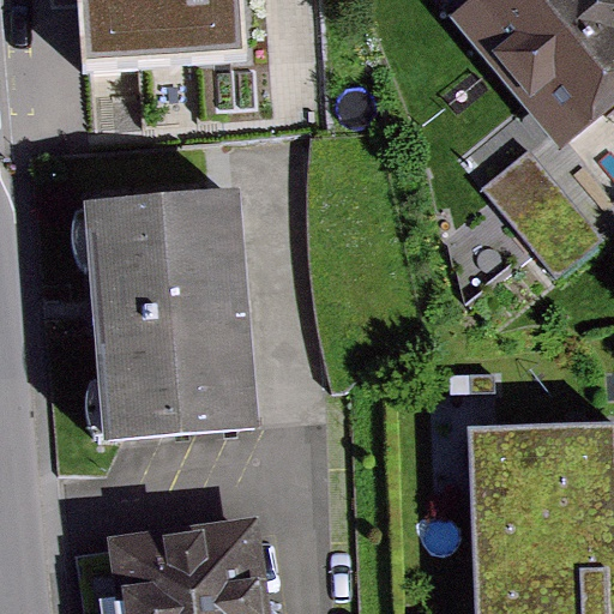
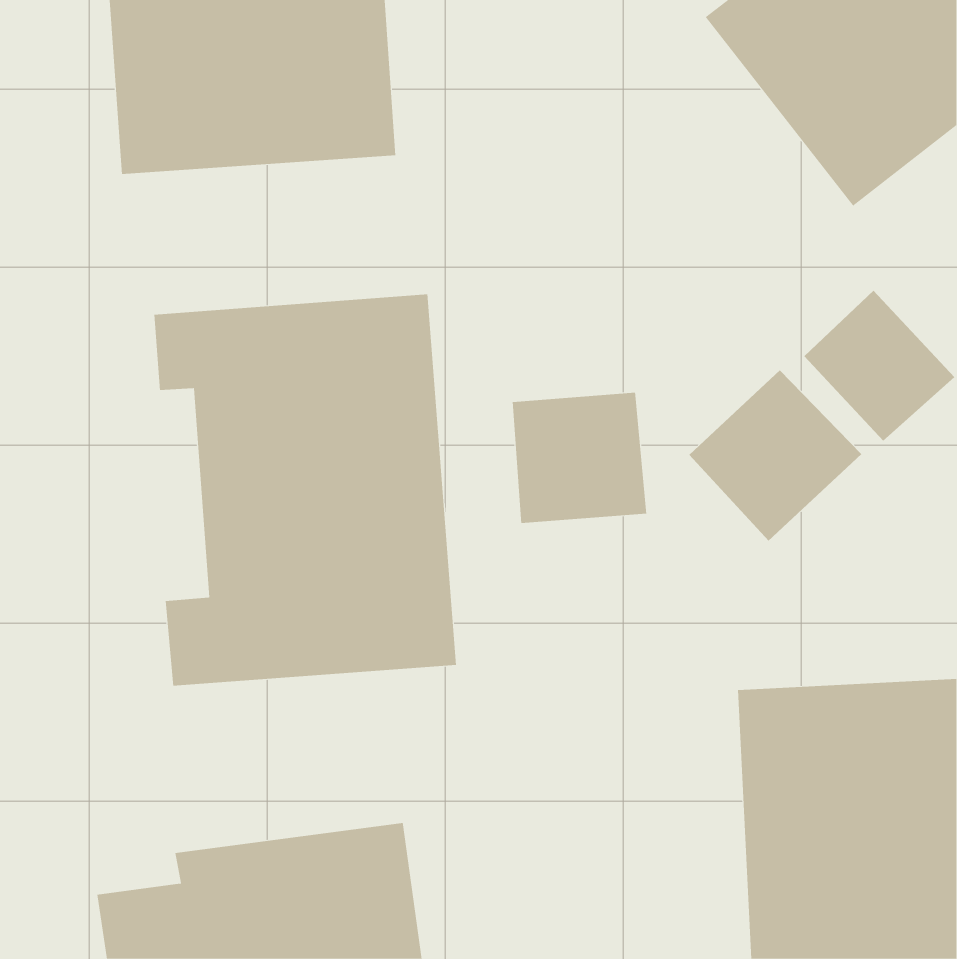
building: none -> [688,370,862,542]
building: none -> [512,392,647,524]

